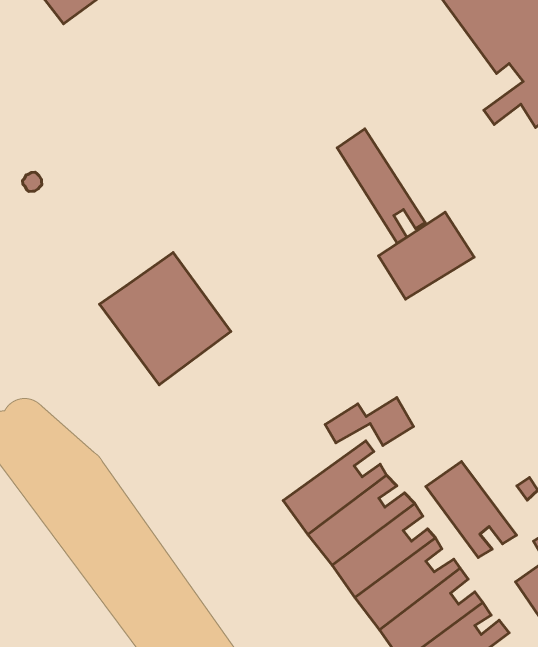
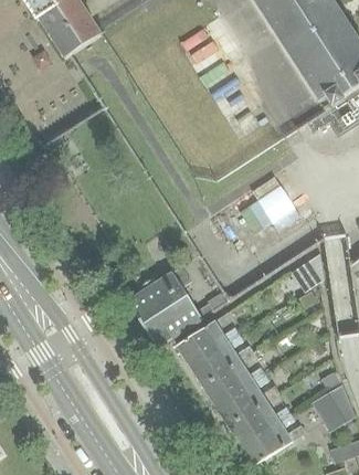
building: [337,129,425,243] -> none
building: [100,252,231,385] -> [126,270,202,347]
building: [426,461,517,558] -> none

